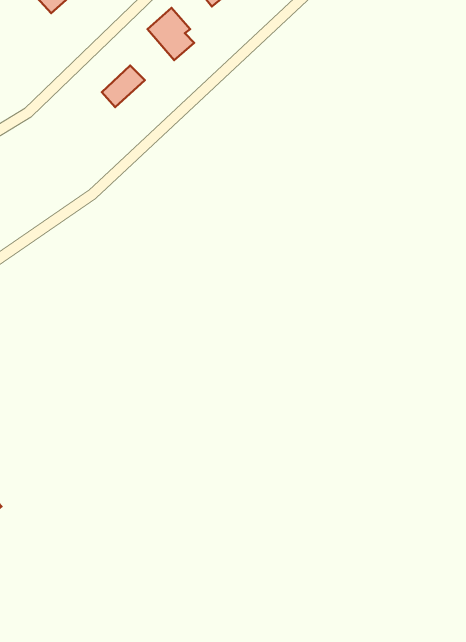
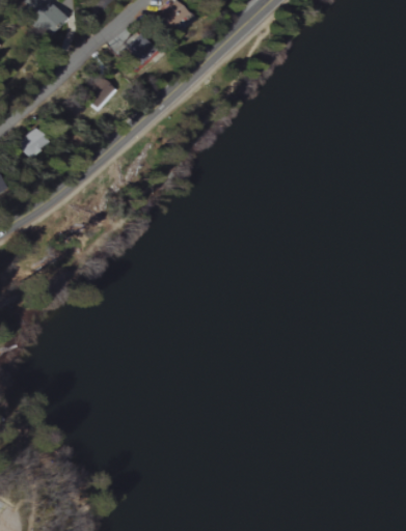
building: none -> [18,129,49,156]

